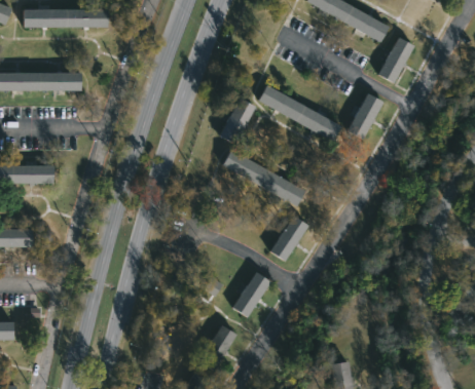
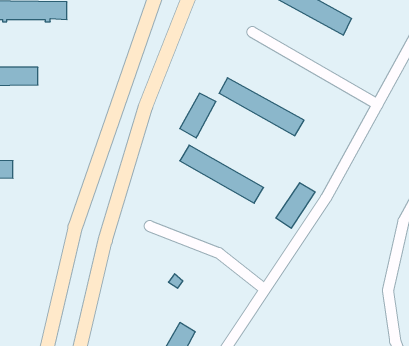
building: [378,37,414,83] -> none
building: [348,93,385,140] -> none
building: [267,218,306,263] -> [276,183,315,228]
building: [231,271,270,317] -> none

